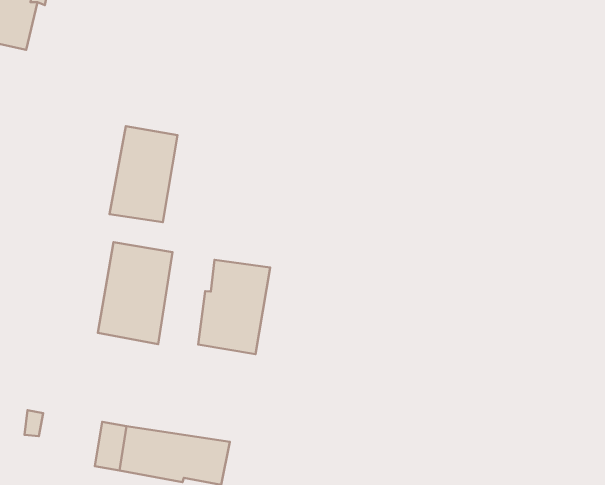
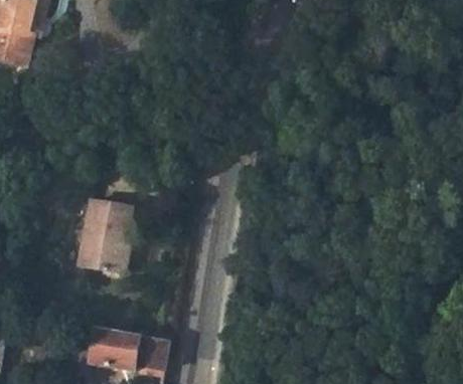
building: [110,126,177,222] -> none
building: [198,260,270,354] -> none

